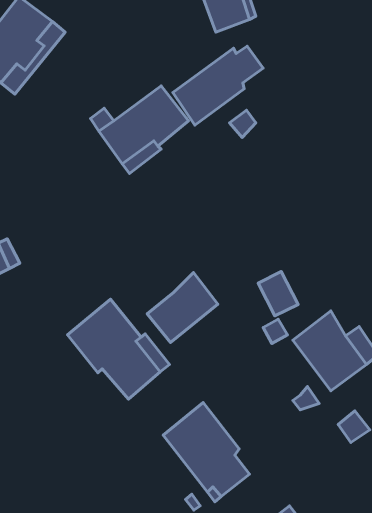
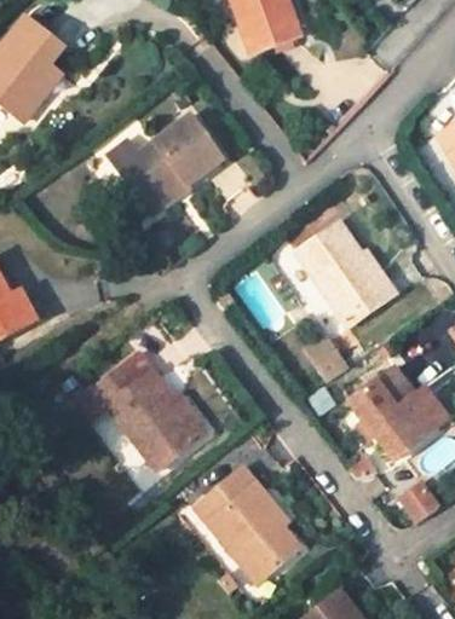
building: [173,46,263,125] -> none
building: none -> [289,221,387,330]
building: [147,273,218,342] -> none

